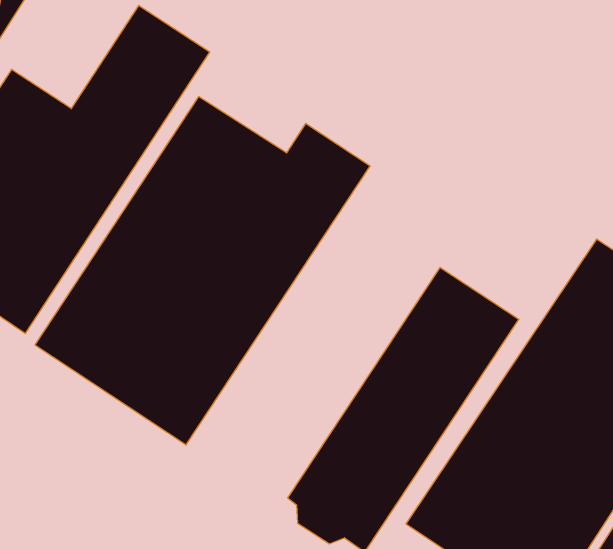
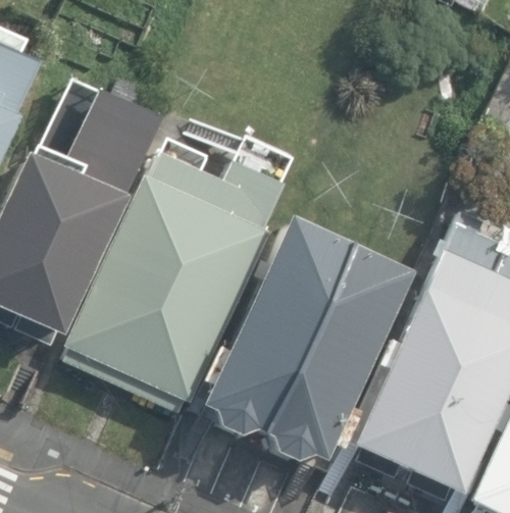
building: none -> [205,220,351,433]

